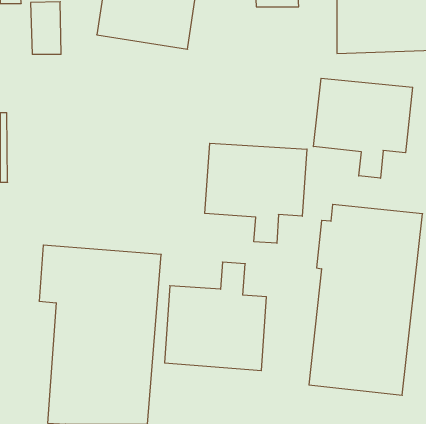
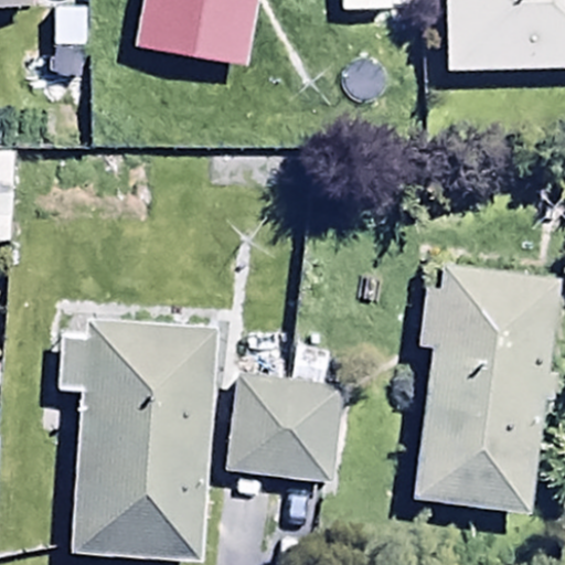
building: [313,78,413,178] -> none
building: [205,143,307,243] -> none

